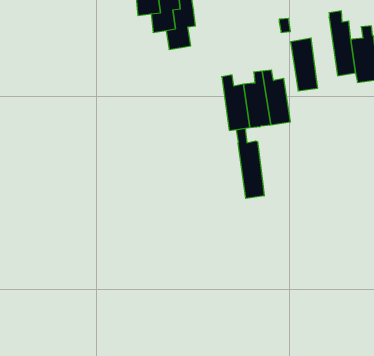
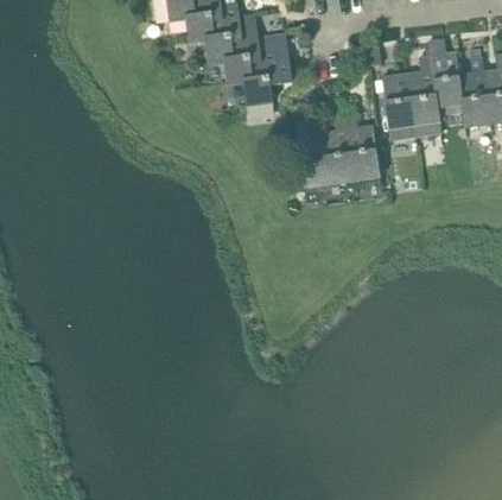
building: none -> [243,34,293,108]
building: none -> [407,48,440,128]
building: [237,128,264,198] -> none

